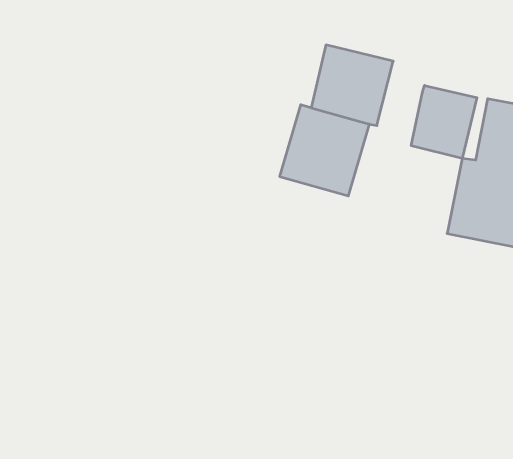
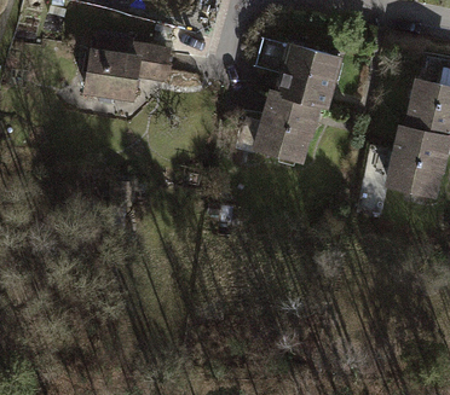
building: none -> [82,39,167,100]
building: [411,85,477,159] -> none

